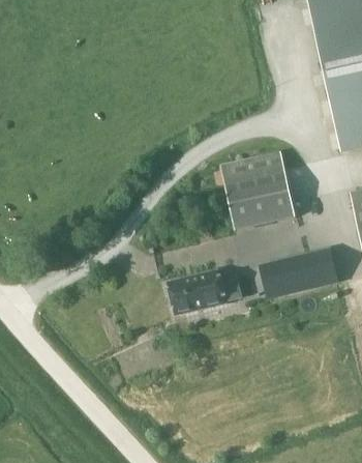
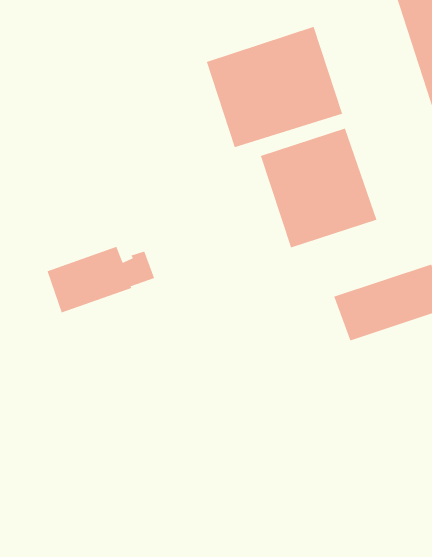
building: none -> [206,26,343,148]
building: [168,271,241,314] -> [46,246,155,314]

